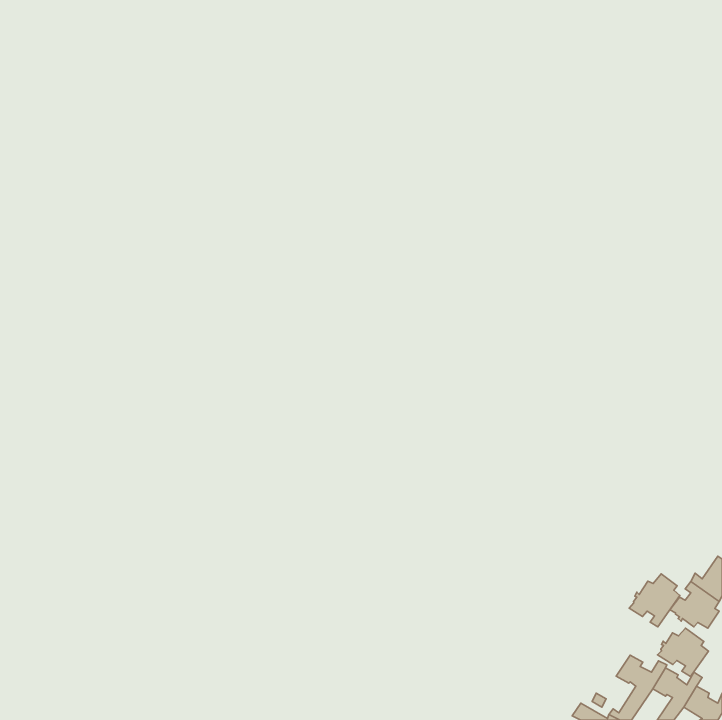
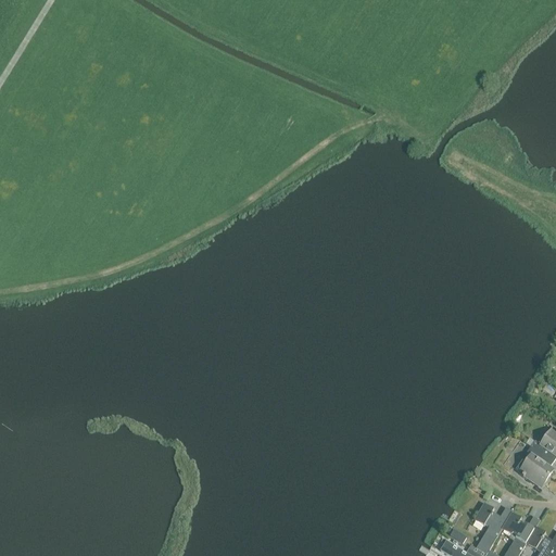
building: [629,574,680,627] -> none
building: [657,628,708,677] -> none

